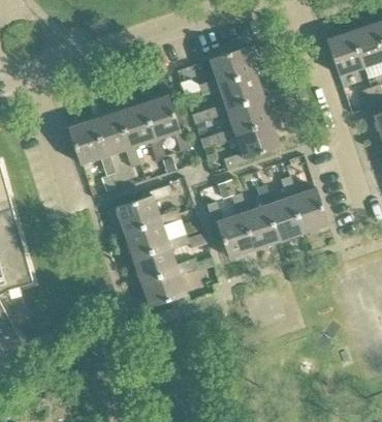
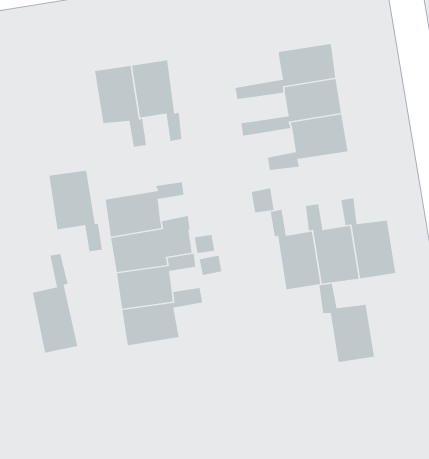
building: [199,47,255,94] -> none
building: [144,95,188,151] -> none
building: [68,119,115,176] -> [49,170,103,252]
building: [205,202,253,257] -> [319,283,375,363]
building: none -> [32,253,78,354]

